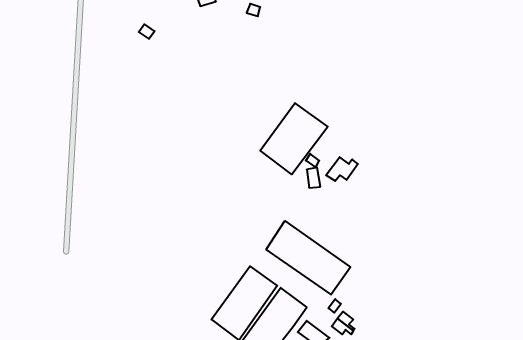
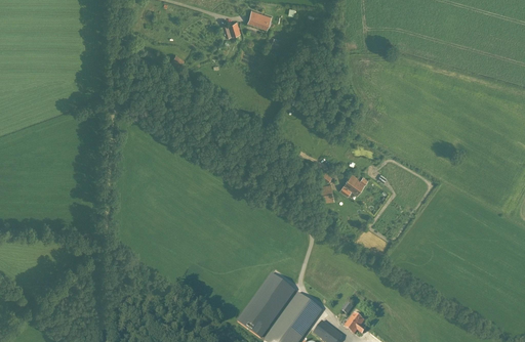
building: [260,103,328,174] -> none
building: [266,221,350,295] -> none

